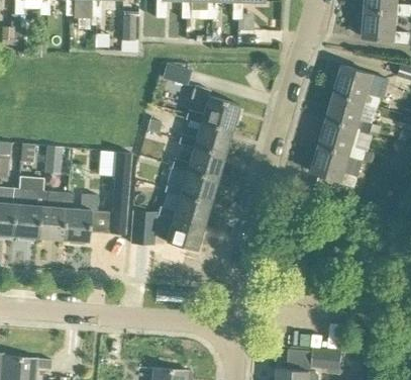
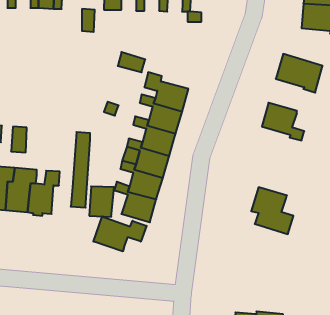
building: [326,92,373,133] -> none
building: [311,145,357,196] -> [251,187,293,234]
building: none -> [93,216,147,251]

